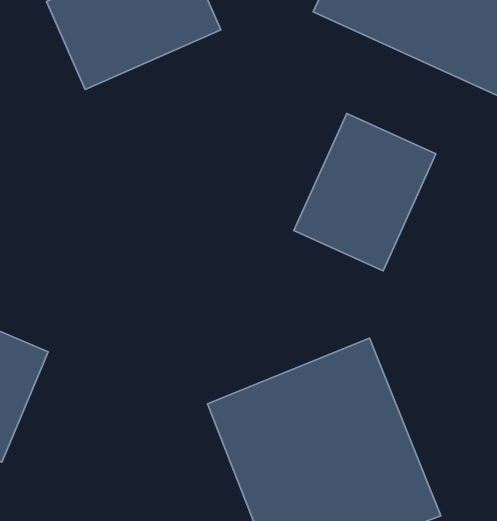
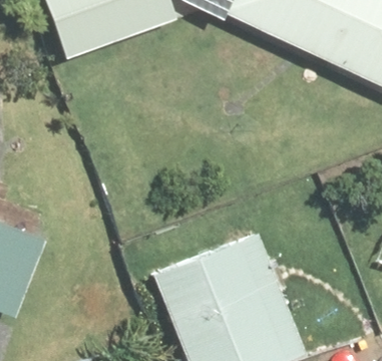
building: [294,113,436,271] -> none

